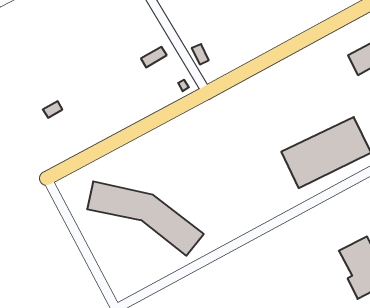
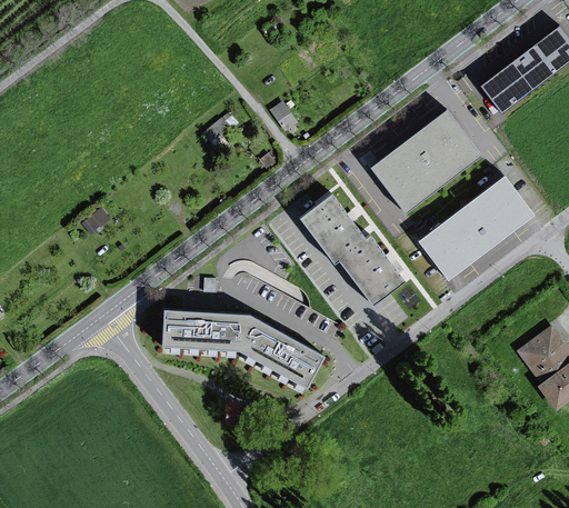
building: none -> [372,112,480,211]
building: none -> [293,182,401,307]

